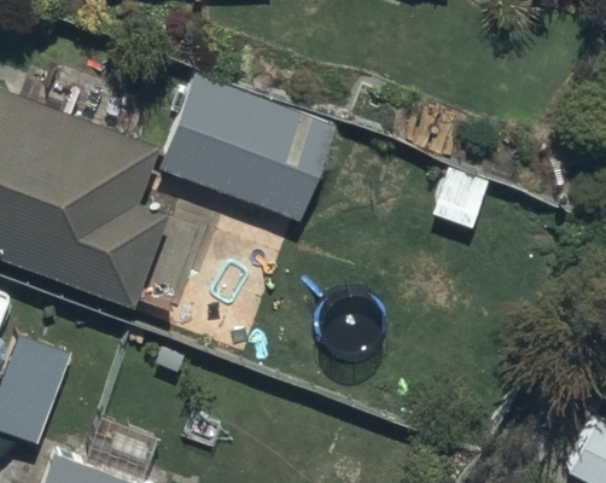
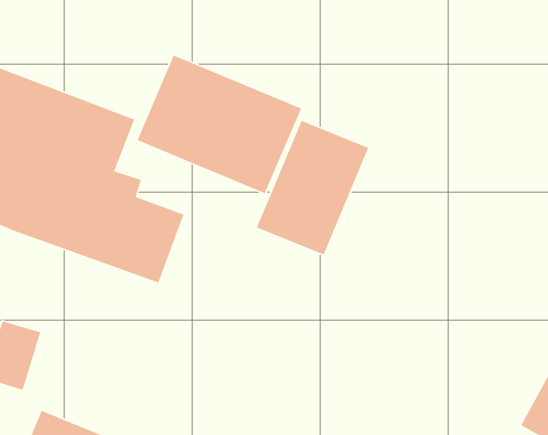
building: none -> [256,120,369,255]

